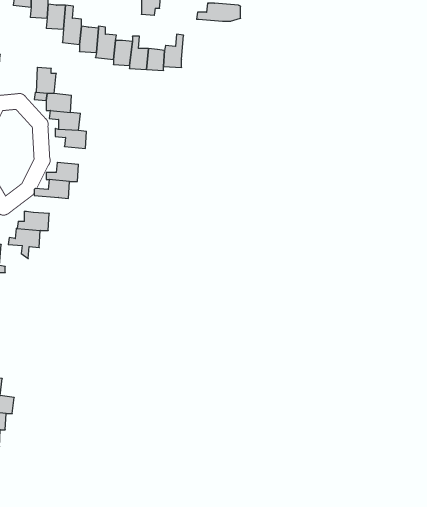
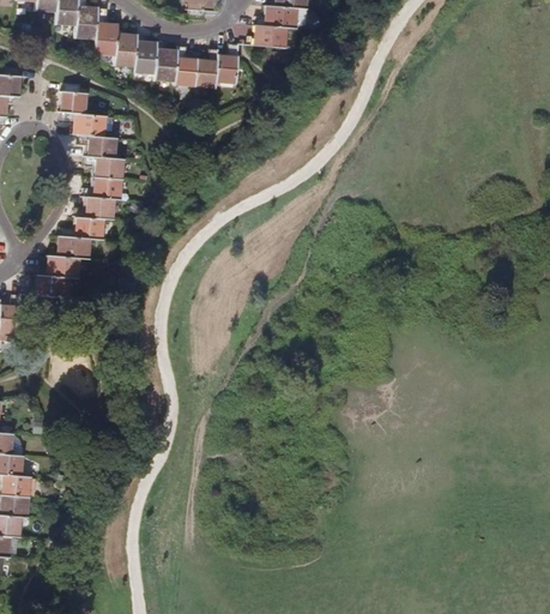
building: none -> [247,25,285,48]
building: none -> [83,177,121,199]
building: none -> [59,236,89,259]

